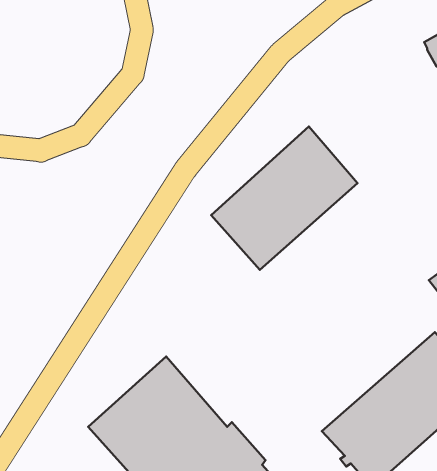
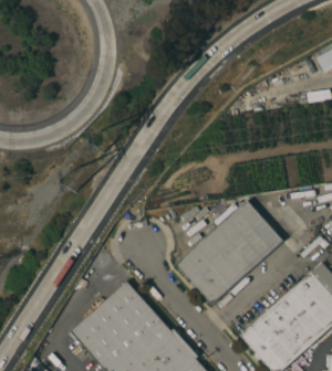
building: [211,127,358,270] -> [177,200,283,304]

